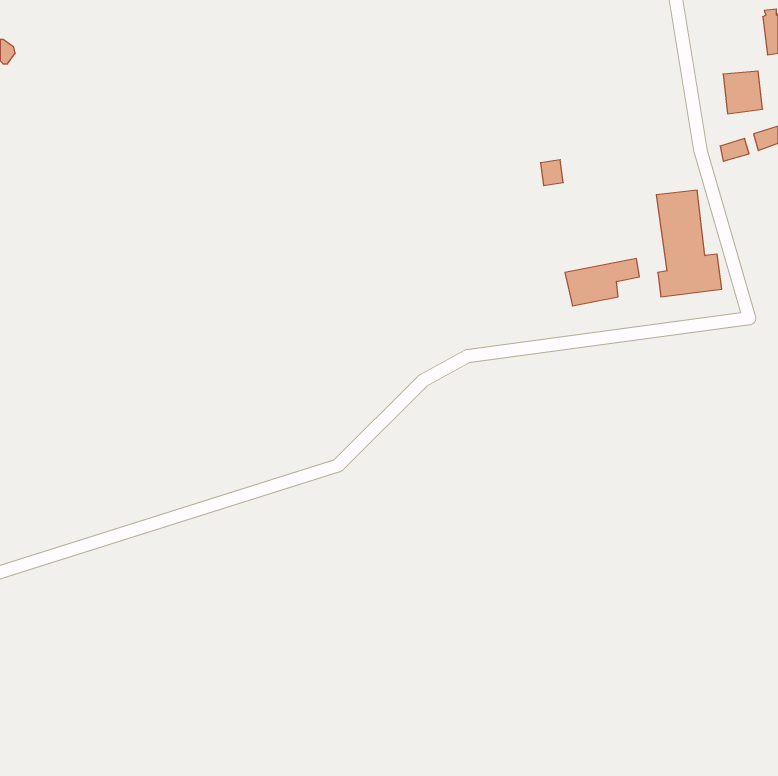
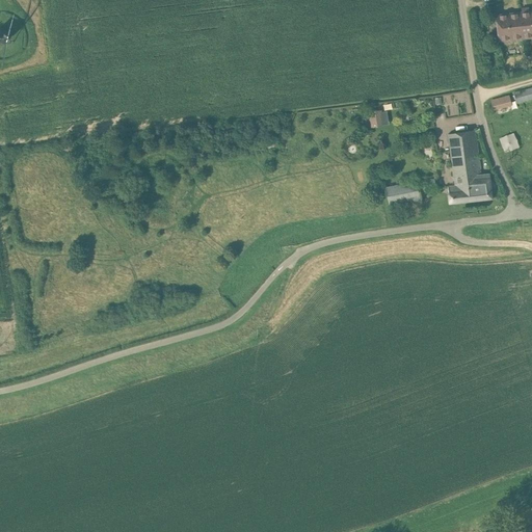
building: [723,71,763,114] -> [497,11,524,41]

